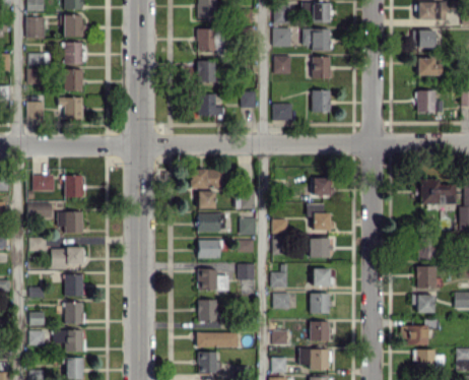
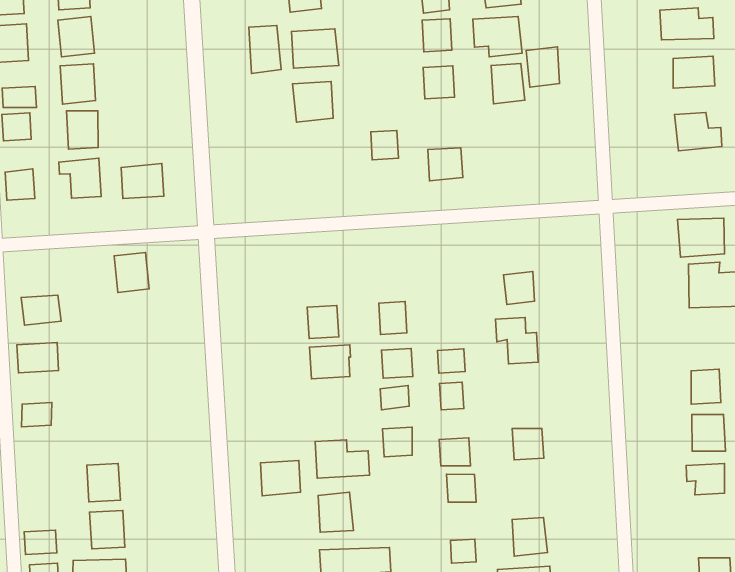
building: none -> [249,25,281,73]
building: [312,90,330,113] -> [526,47,559,87]
building: [199,94,224,116] -> none
building: none -> [121,163,164,198]
building: none -> [678,218,724,257]
building: [190,170,226,189] -> none
building: [64,176,83,198] -> [114,252,149,292]
building: [57,212,83,234] -> none
building: [310,239,331,258] -> none
building: [198,240,220,259] -> [260,461,301,496]
building: [51,248,83,269] -> none
building: [310,295,330,314] -> none
building: [405,326,428,346] -> none

